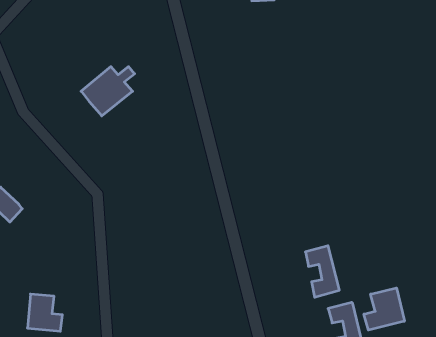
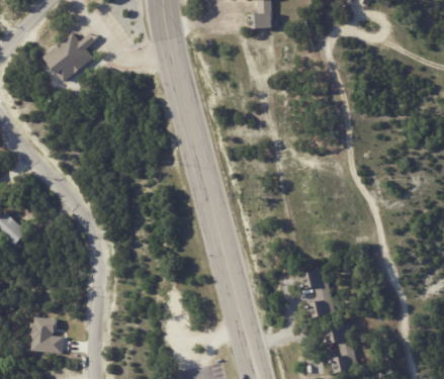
building: [81,67,135,116] -> [42,33,95,82]
building: [364,288,404,330] -> none

